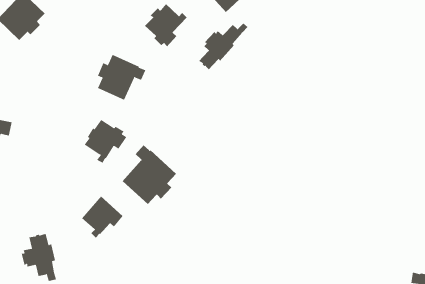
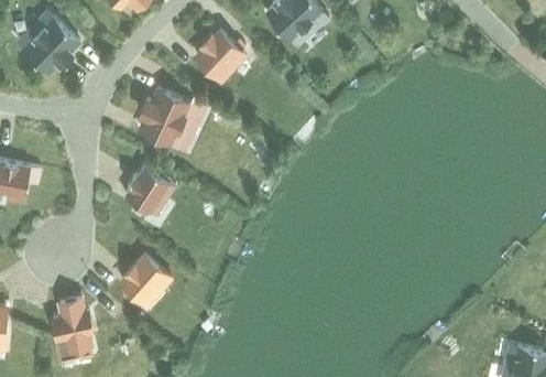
building: [198,23,248,70] -> none
building: [122,144,177,205] -> none

